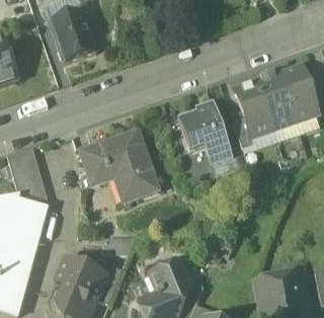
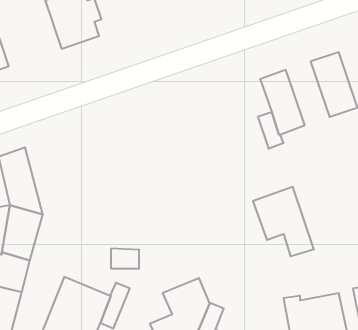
building: [256,70,294,128] -> none
building: [178,104,231,164] -> [253,187,314,256]
building: [78,129,160,203] -> none

